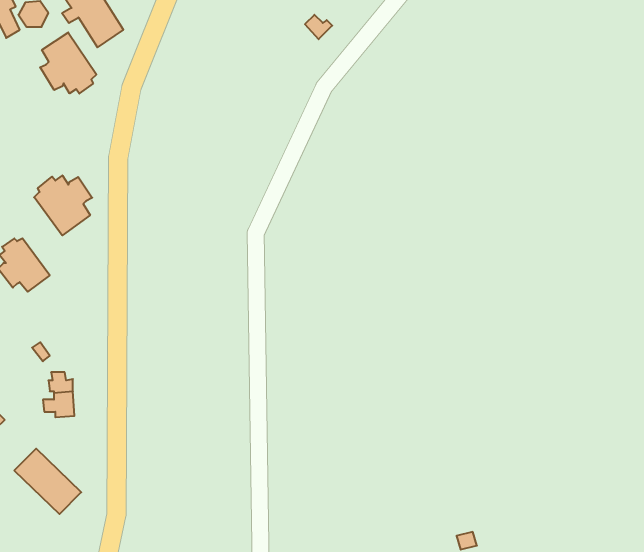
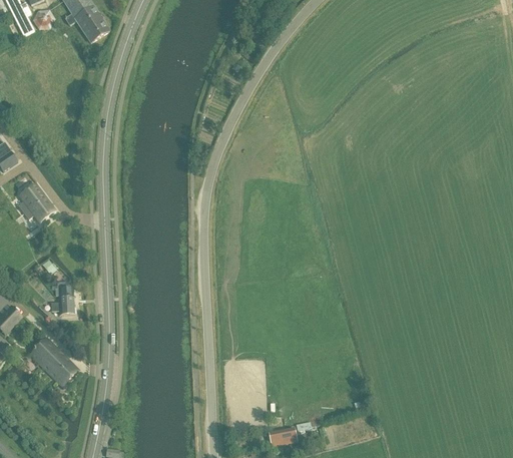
building: [40,32,96,94] -> none
building: [34,175,92,235] -> none

